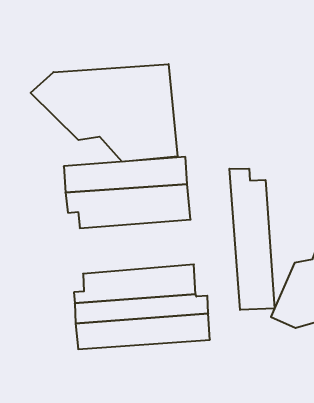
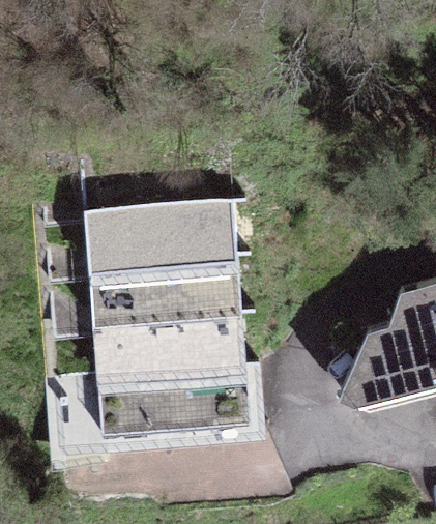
building: [31,64,178,162] -> none
building: [229,169,275,310] -> none
building: none -> [91,278,243,344]

